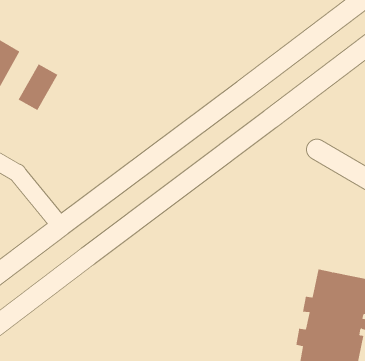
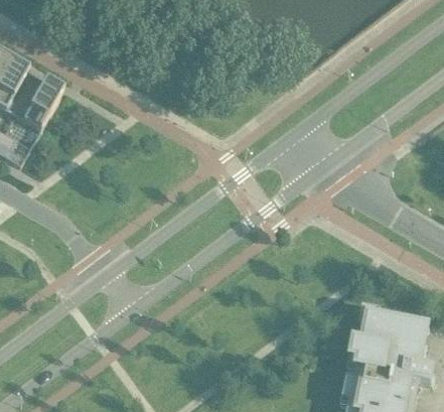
building: [18,63,58,111] -> none

